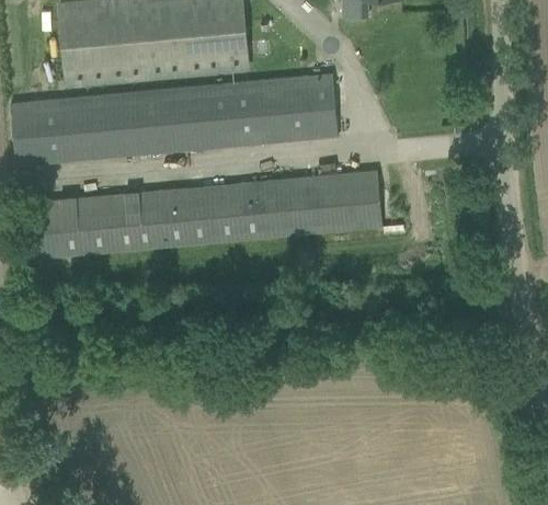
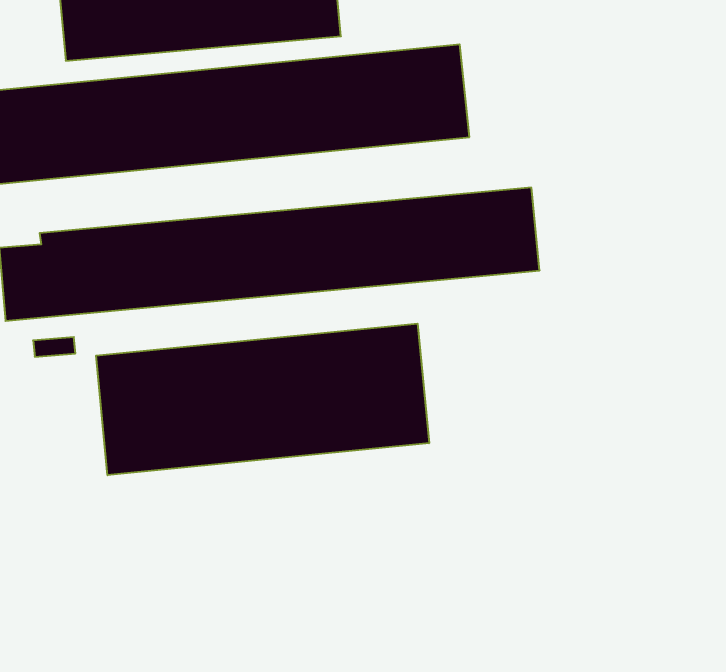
building: none -> [96,324,429,475]

